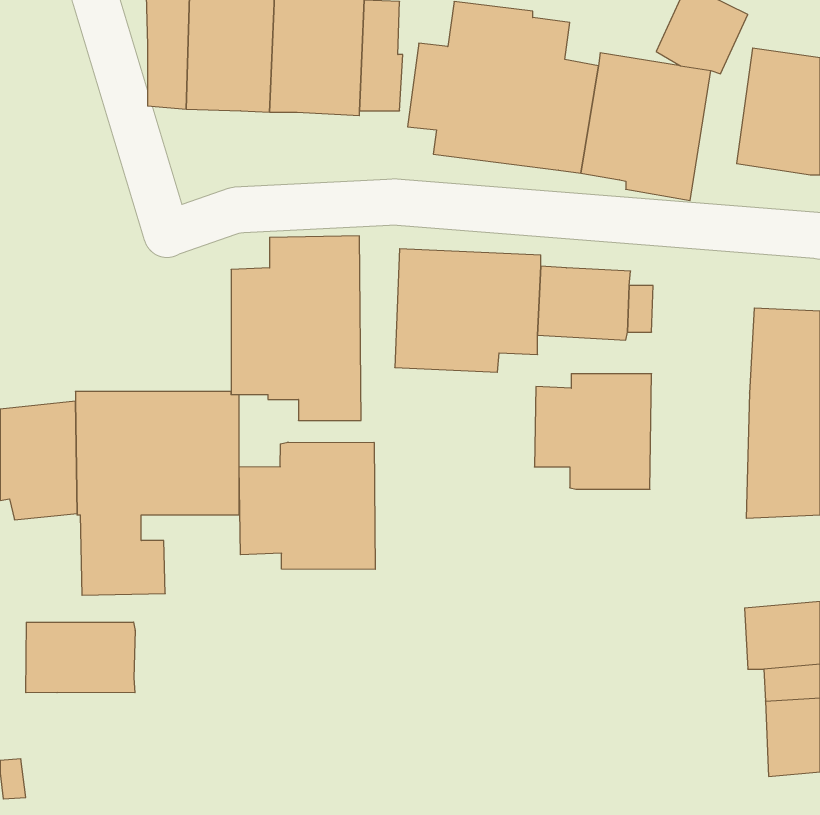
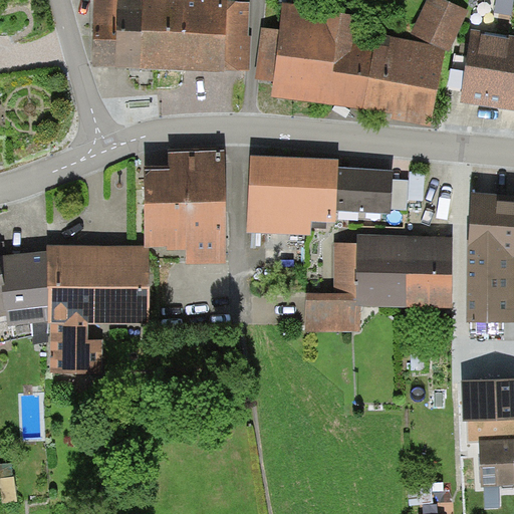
building: none -> [407,234,454,307]
building: [239,442,375,569] -> none
building: none -> [305,292,360,330]
building: [26,622,135,693] -> none

